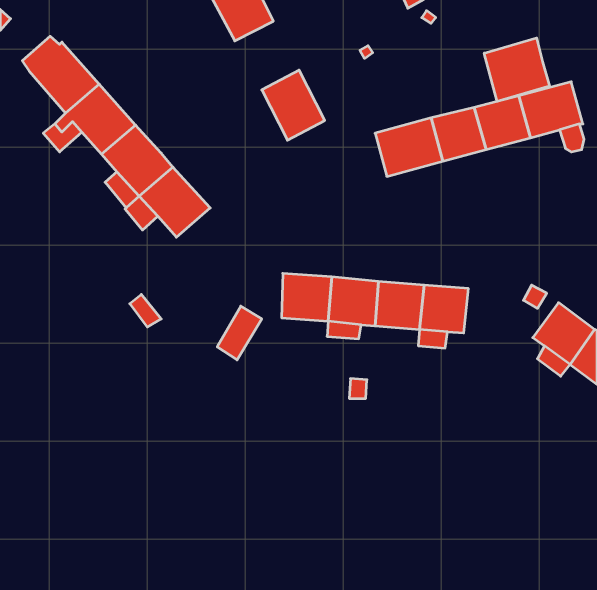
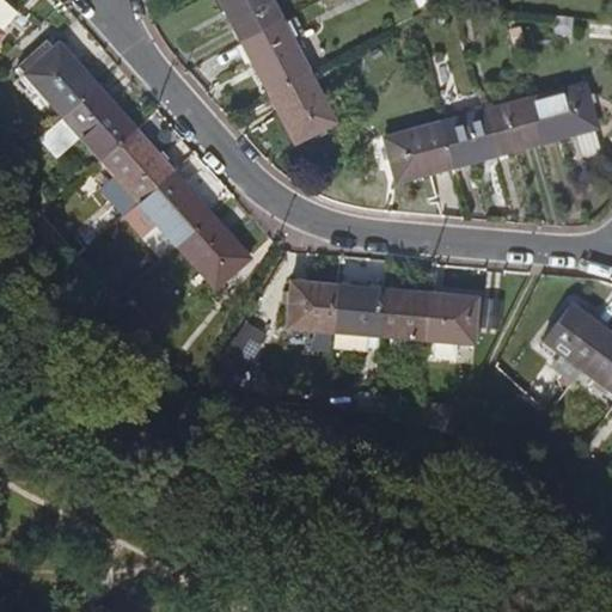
building: none -> [240,22,306,92]
building: [484,38,550,101] -> none
building: none -> [180,213,251,286]

